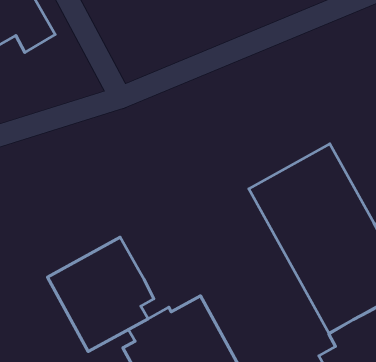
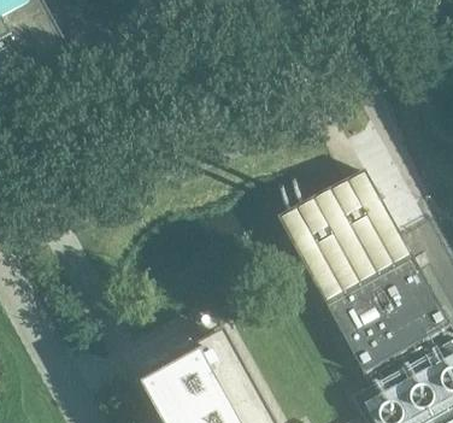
building: [47,237,154,351] -> none

